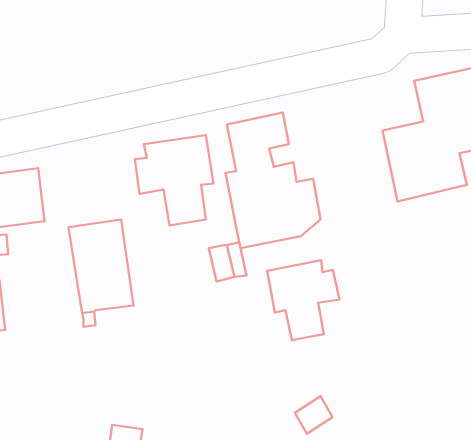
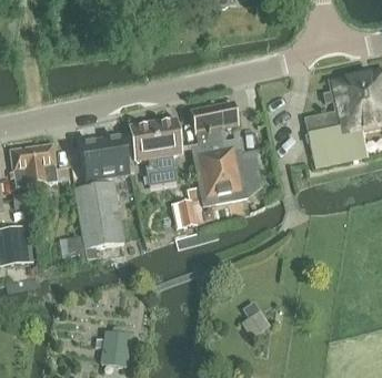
building: none -> [78,135,129,181]
building: [267,260,339,340] -> none

